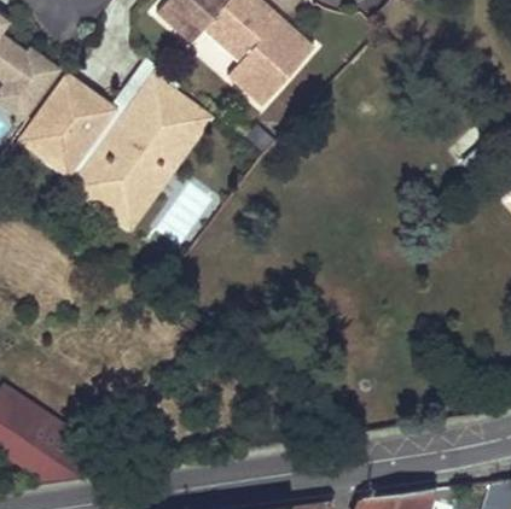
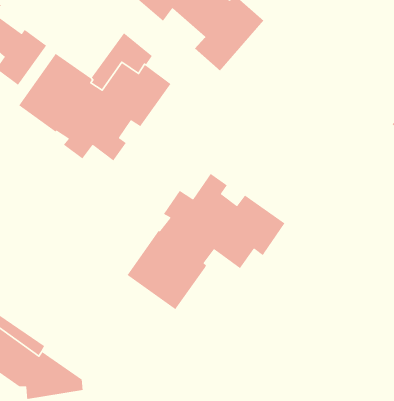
building: [103,162,170,228] -> none
building: none -> [127,173,285,310]

